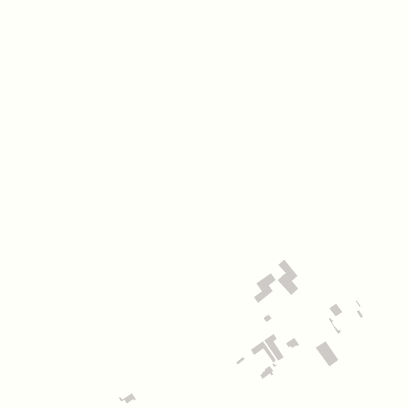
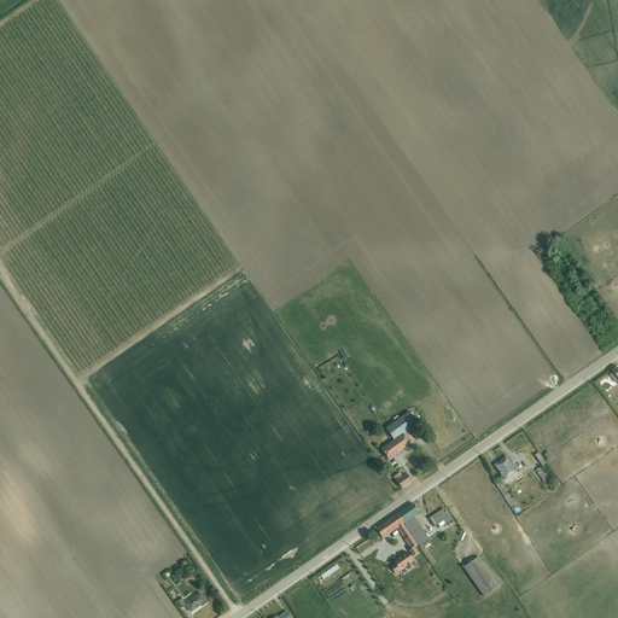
building: [277,259,299,296] -> none
building: [315,340,339,367] -> [462,555,500,596]

